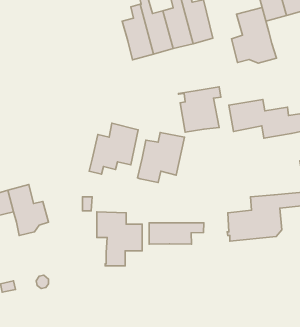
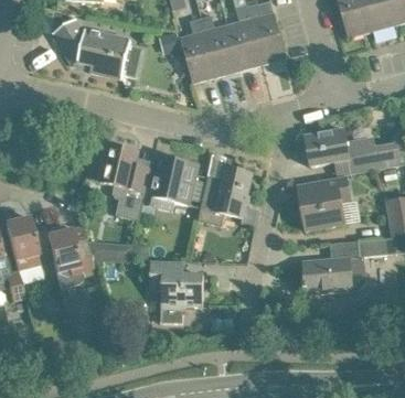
building: none -> [52,17,131,77]
building: [231,8,276,63] -> none
building: [178,87,221,132] -> [298,176,348,229]
building: none -> [99,144,150,219]
building: [149,223,204,244] -> none

